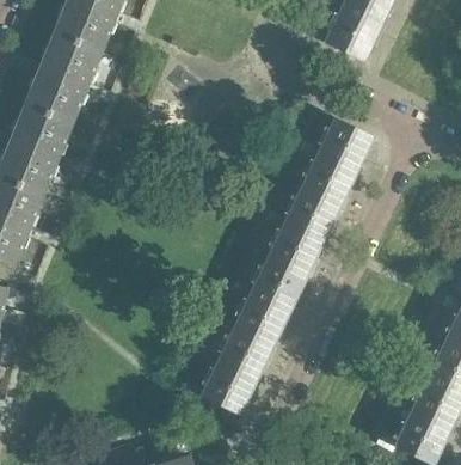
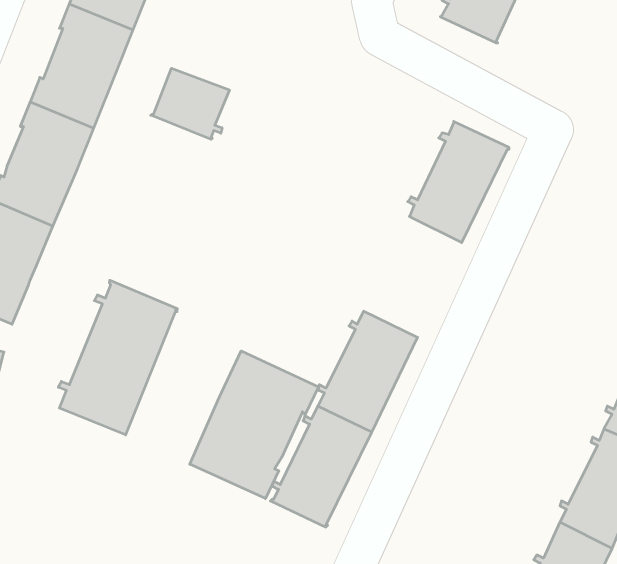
building: none -> [151,68,229,139]
building: [269,186,340,275] -> none
building: none -> [58,280,177,435]
building: none -> [190,351,318,499]

